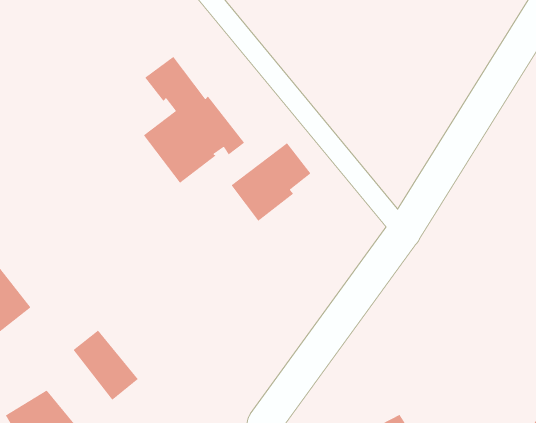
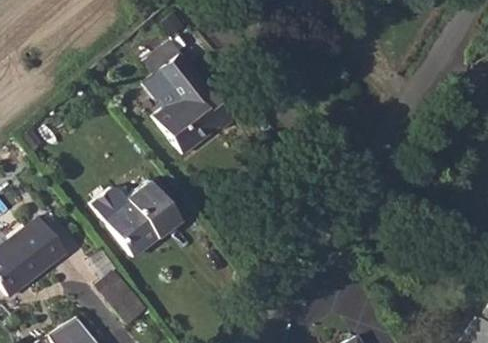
building: [231,142,311,222] -> none
building: none -> [92,181,180,258]

